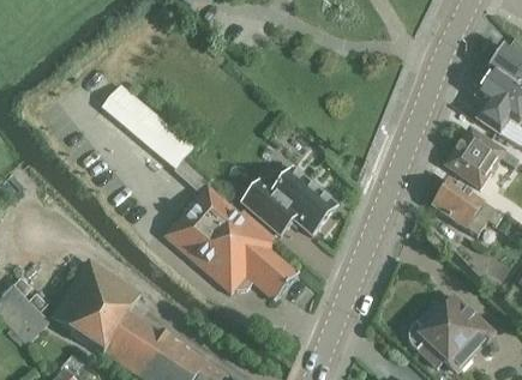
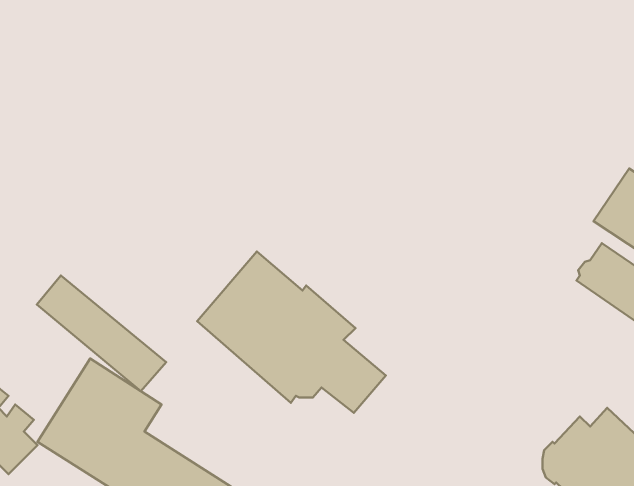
building: [101,84,192,165] -> [37,276,166,391]
building: [239,165,336,234] -> none

